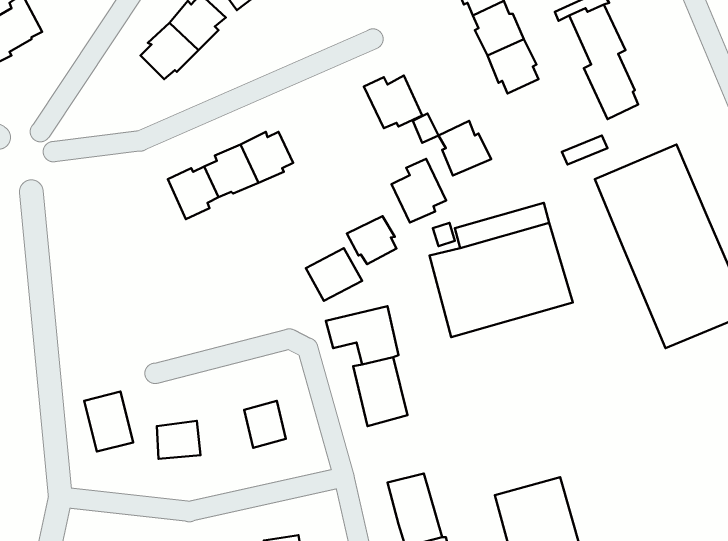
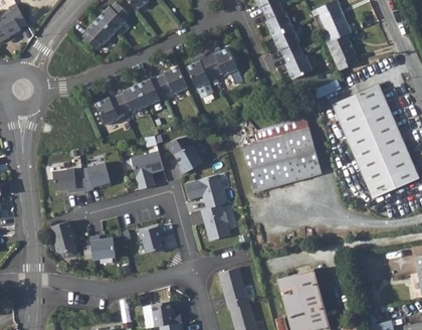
building: none -> [158,66,187,96]
building: [438,121,491,175] -> [284,49,313,79]
building: [392,159,446,222] -> [186,53,216,89]
building: [347,216,397,264] -> none
building: none -> [131,150,163,189]
building: none -> [52,154,110,189]

